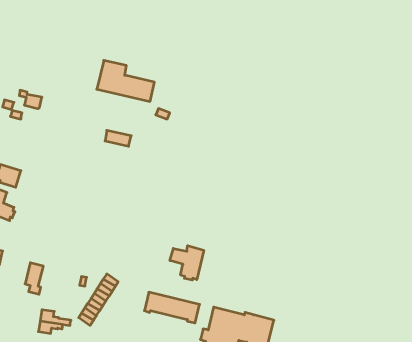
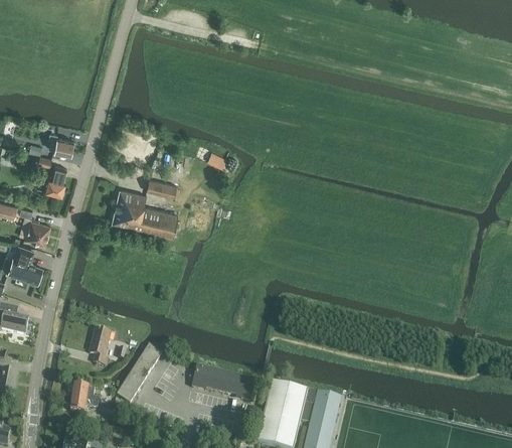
building: [97,60,154,101] -> [111,189,177,237]
building: none -> [43,165,66,195]
building: [170,246,204,280] -> none
building: [25,263,43,294] -> [89,329,110,365]

